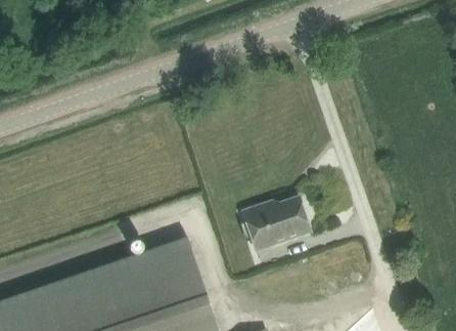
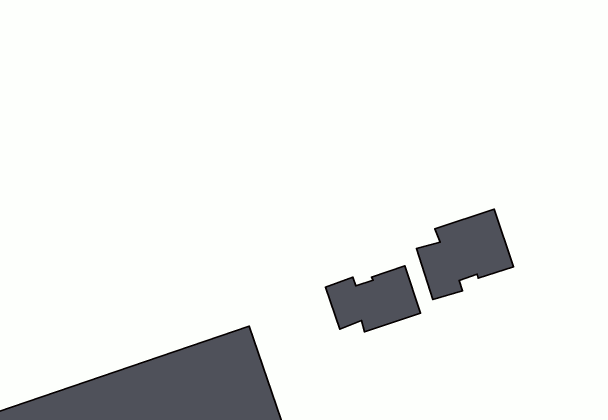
building: none -> [416,209,513,300]

